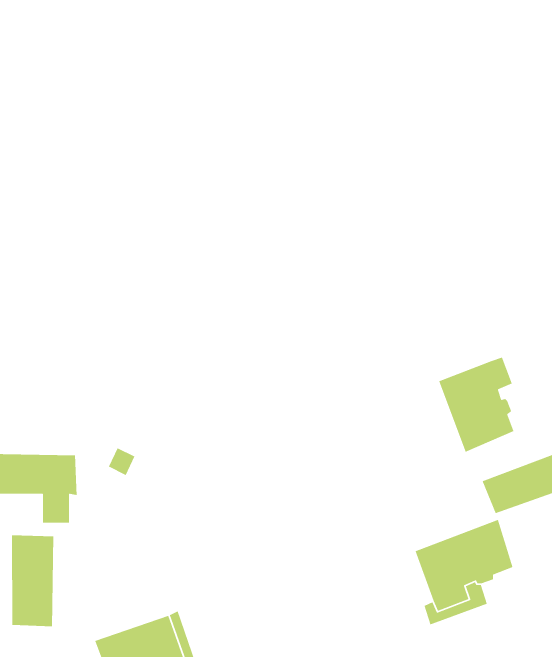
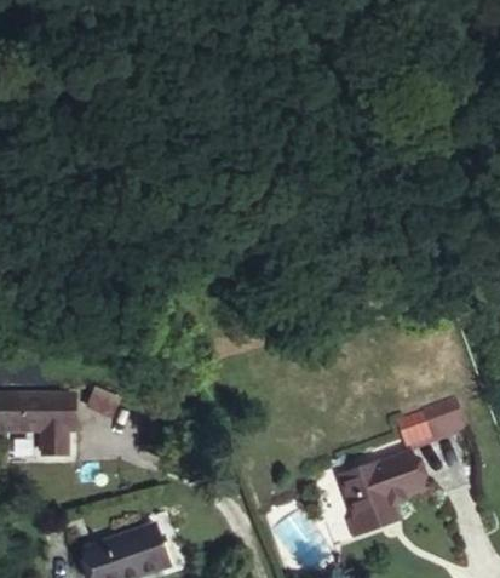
building: [438,357,515,453] -> none
building: [11,534,54,627] -> none

